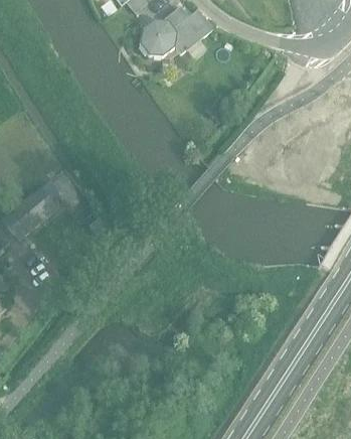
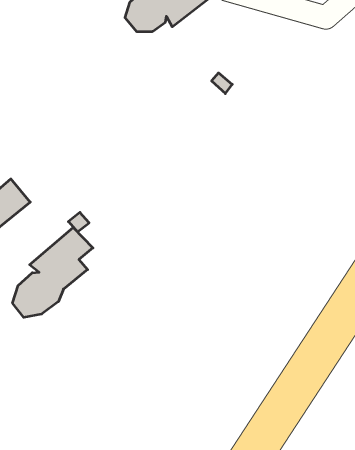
building: none -> [13,228,93,317]

